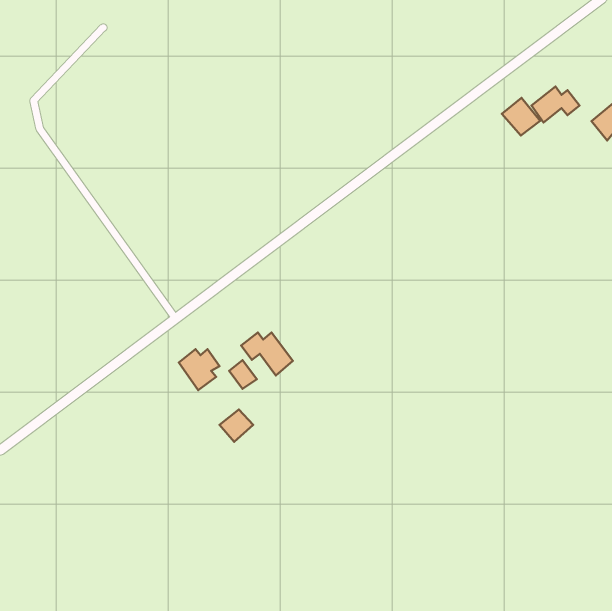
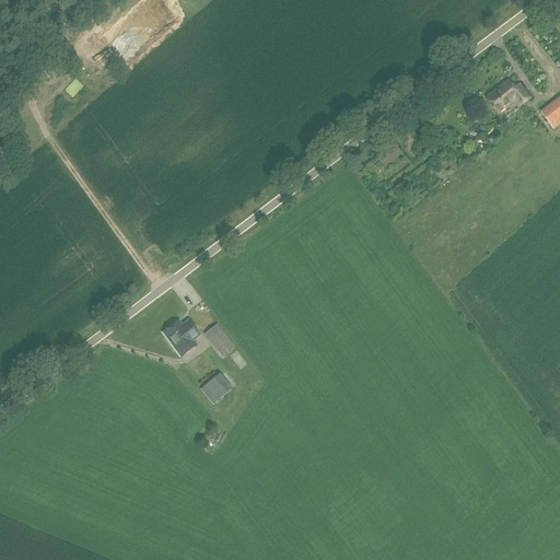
building: [502,98,540,136] -> none
building: [241,332,293,375] -> none

